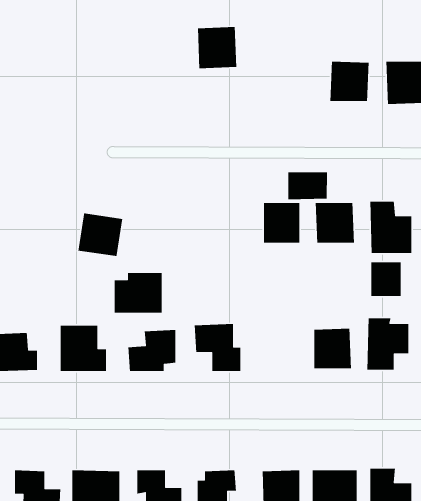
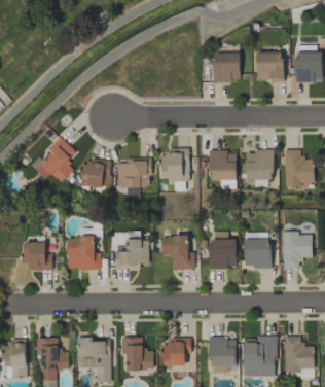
building: [197,26,237,69] -> [213,52,241,82]
building: [287,171,328,200] -> none
building: none -> [35,137,75,183]
building: none -> [157,148,189,181]
building: [371,261,402,297] -> none
building: [114,272,163,313] -> [116,159,150,187]
building: none -> [210,239,237,269]

